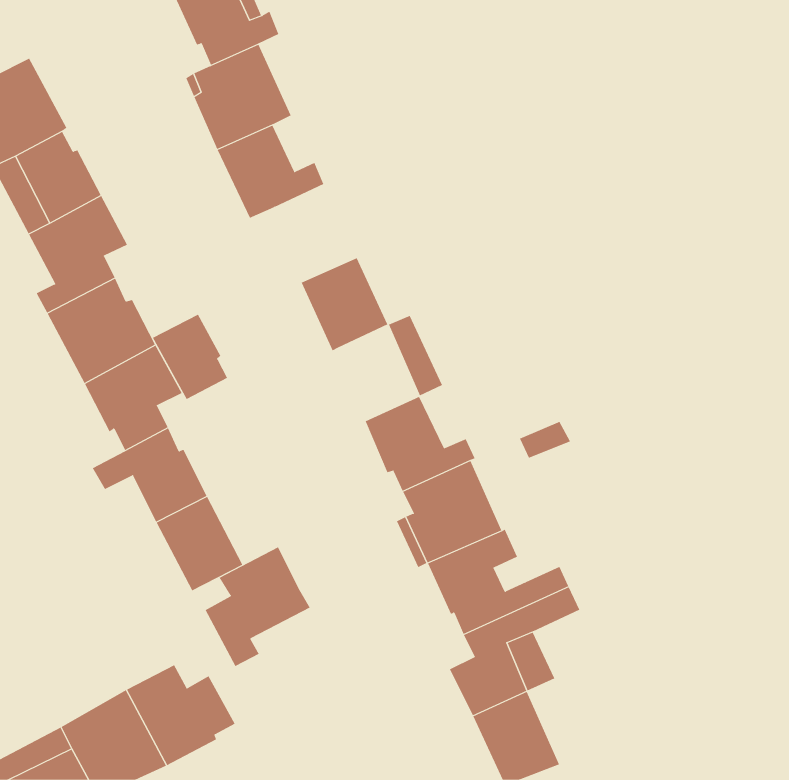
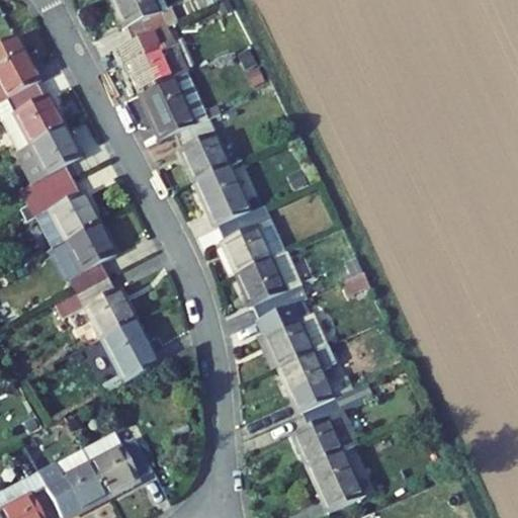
building: none -> [178,119,232,183]
building: [152,314,228,400] -> none
building: none -> [220,210,272,273]
building: [205,546,310,667] -> none

